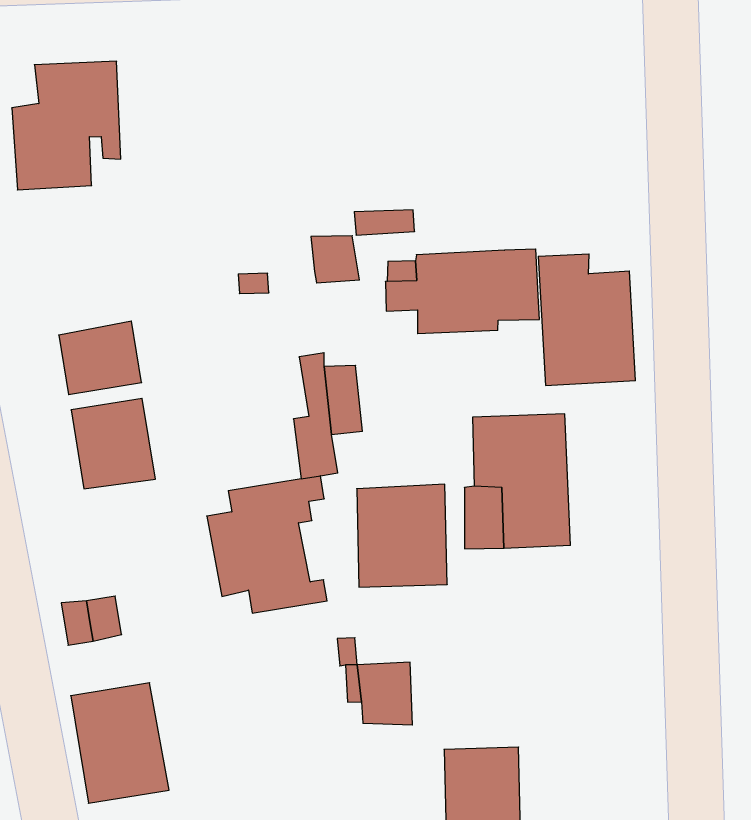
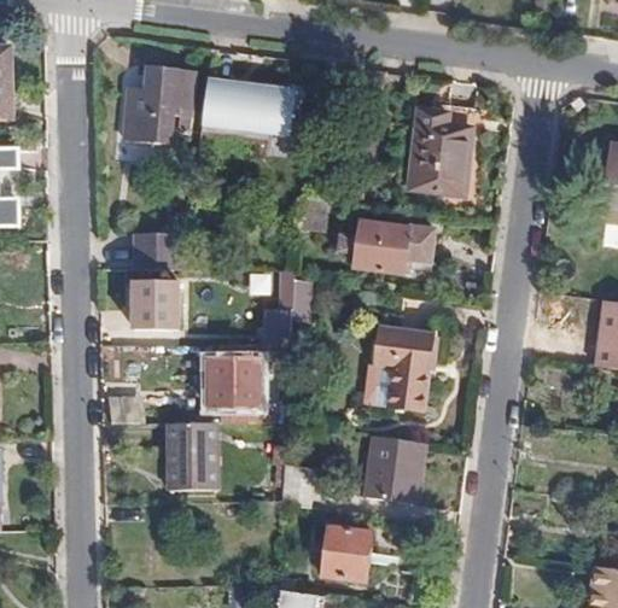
building: none -> [202,78,296,134]
building: [538,254,635,385] -> [408,109,471,194]
building: [357,484,447,587] -> [362,437,425,504]
building: [71,683,169,803] -> [167,422,217,490]

